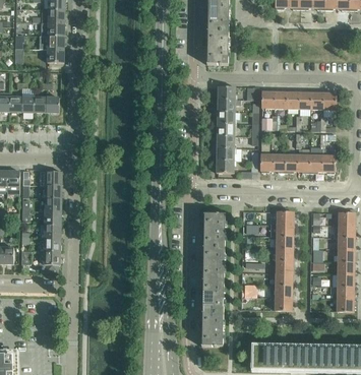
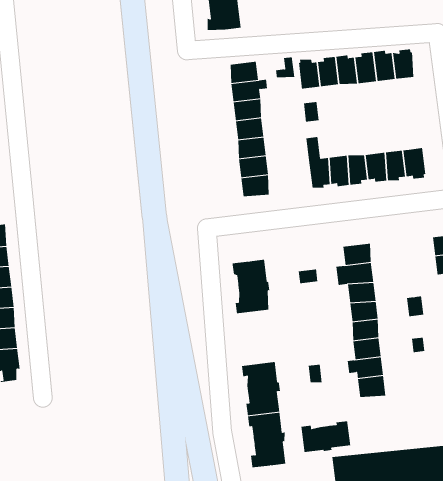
building: [201,246,226,279] -> none
building: none -> [301,421,351,453]

